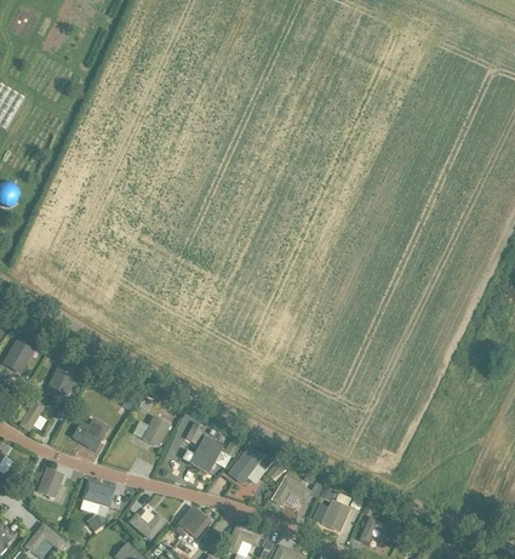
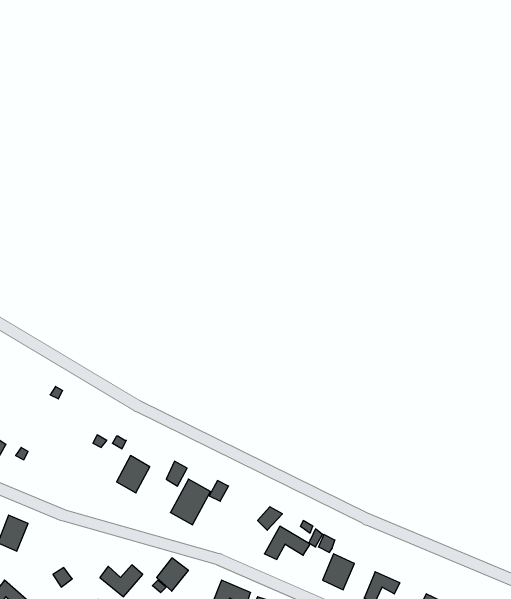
building: [46,364,78,399] -> none
building: [71,417,108,450] -> none
building: [228,444,265,484] -> none
building: [84,480,114,507] -> none

